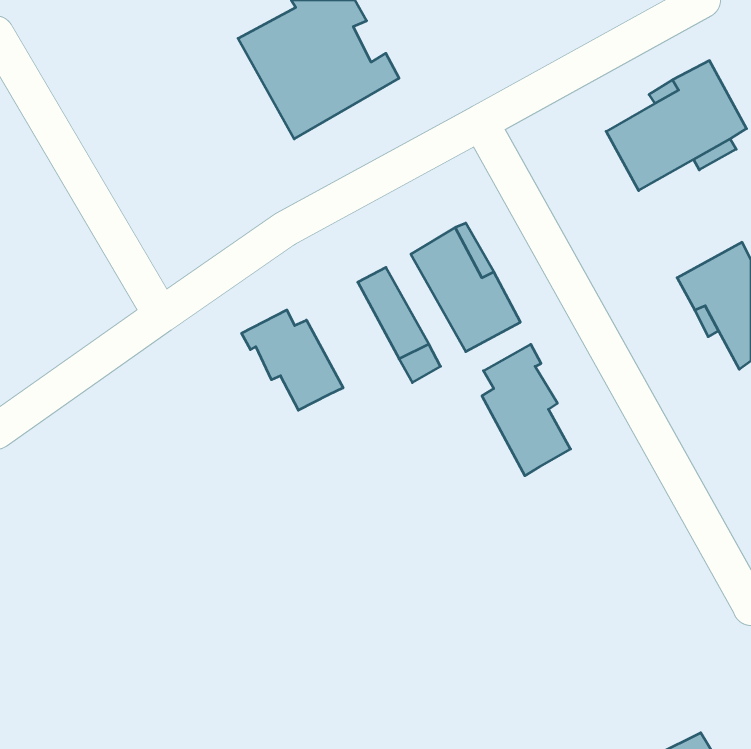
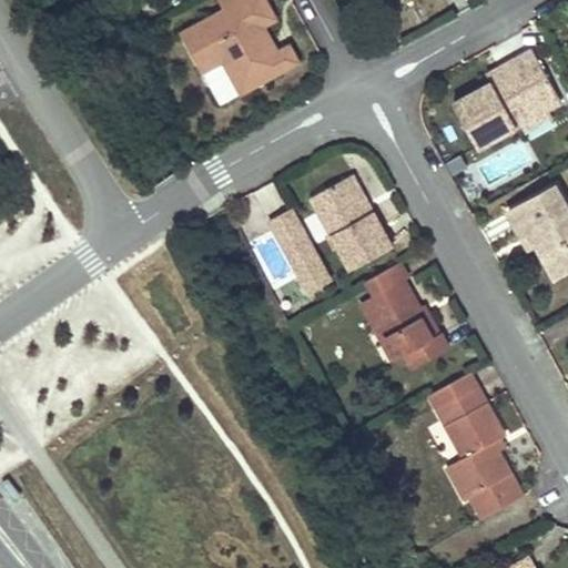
building: [242,310,343,410] -> none
building: none -> [405,306,446,368]
building: none -> [429,372,523,519]

